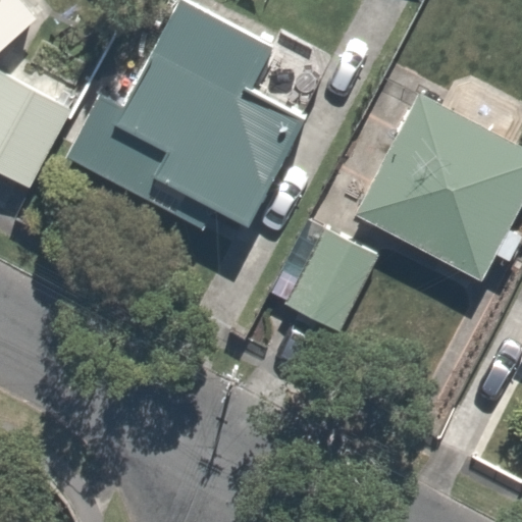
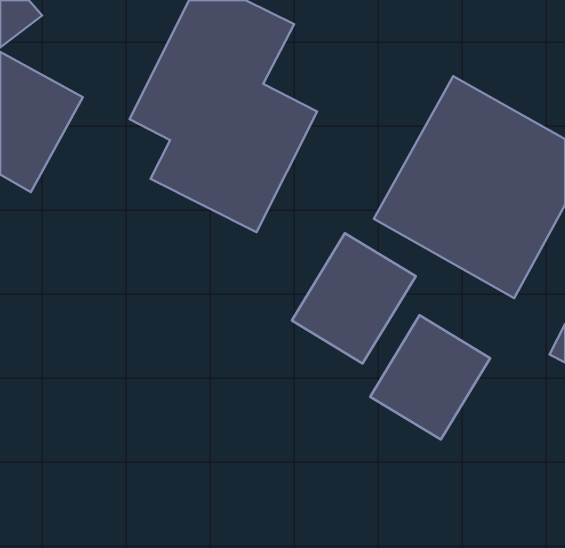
building: none -> [370,315,490,440]

